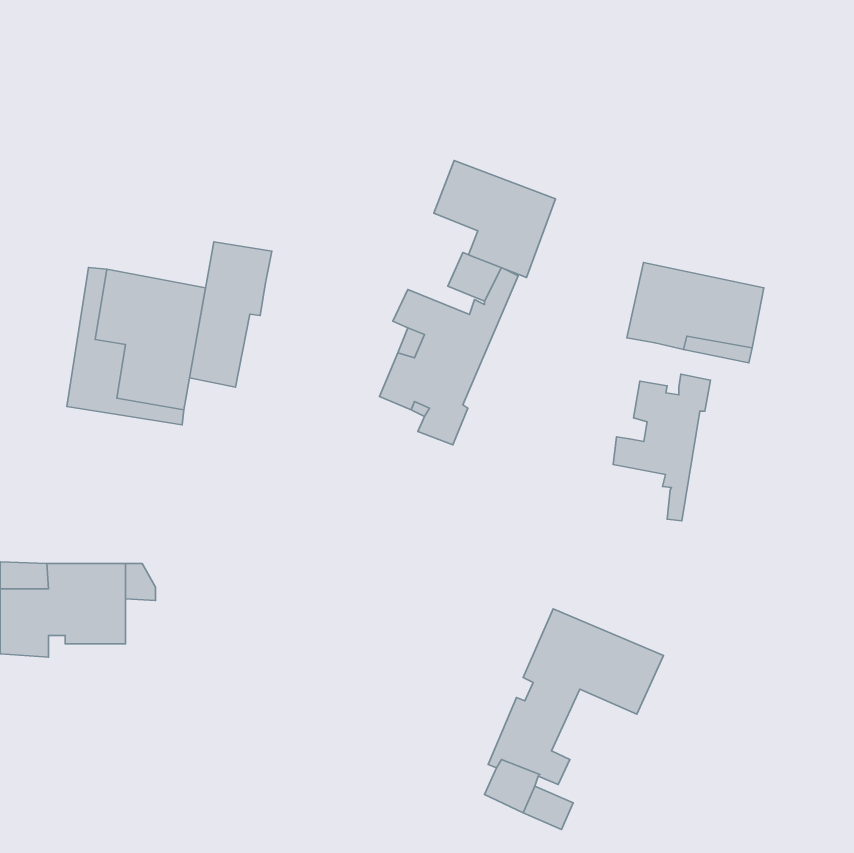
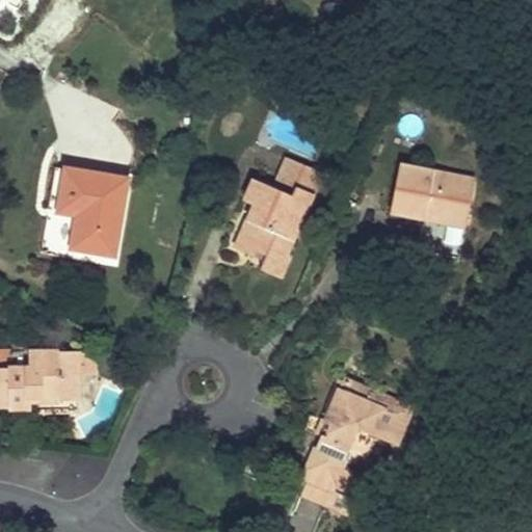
building: [434,160,555,277] -> none
building: [189,242,272,387] -> none
building: [613,374,710,521] -> none

